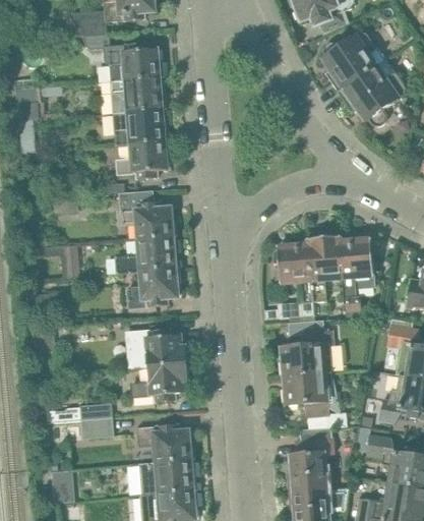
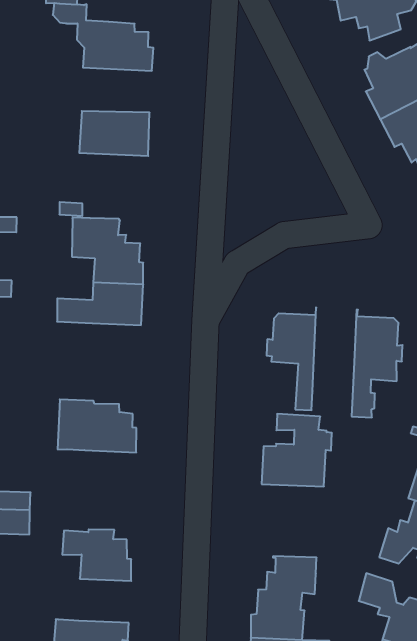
building: [111,77,165,114] -> none
building: [116,141,169,179] -> none
building: [307,233,341,302] -> none
building: [128,269,179,309] -> none
building: [129,364,187,402] -> none
building: [283,372,336,417] -> none
building: [140,461,196,497] -> none

